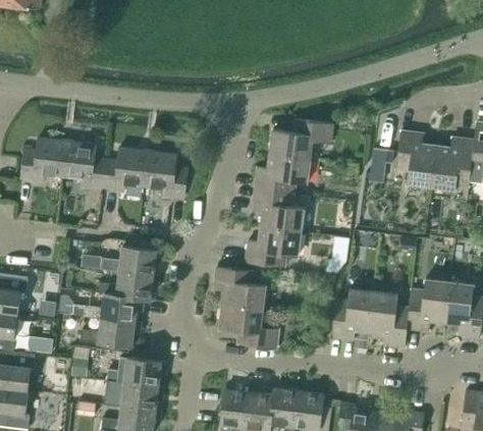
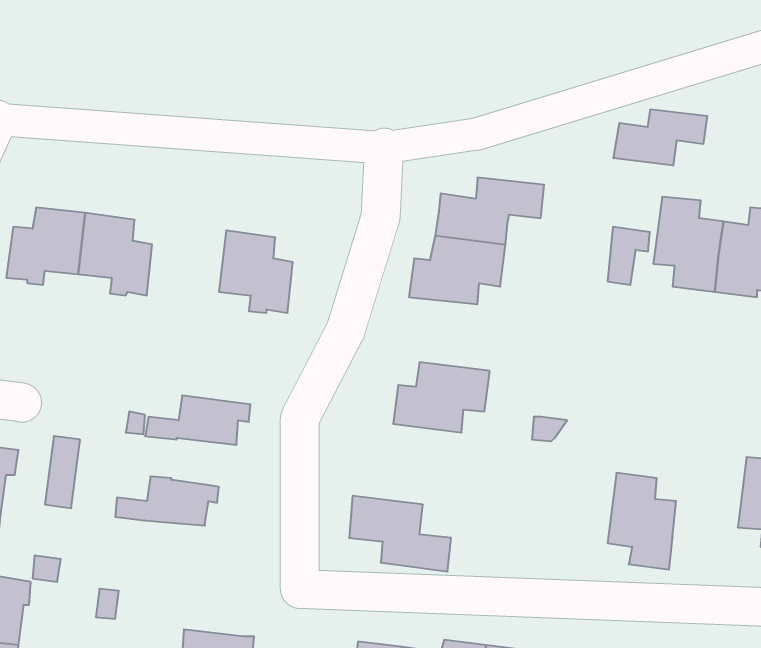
building: none -> [614,109,707,166]
building: [102,148,148,193] -> none
building: [251,190,304,232] -> none
building: [213,267,265,310] -> none
building: [99,271,160,301] -> none
building: [407,279,449,331] -> none
building: [330,288,374,340] -> none
building: [80,319,142,347] -> none
building: [98,358,167,386] -> none

